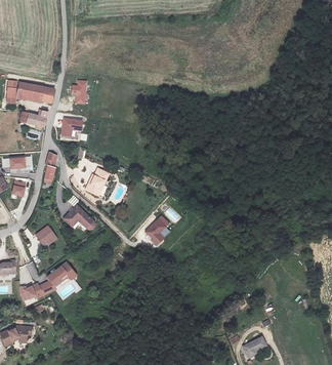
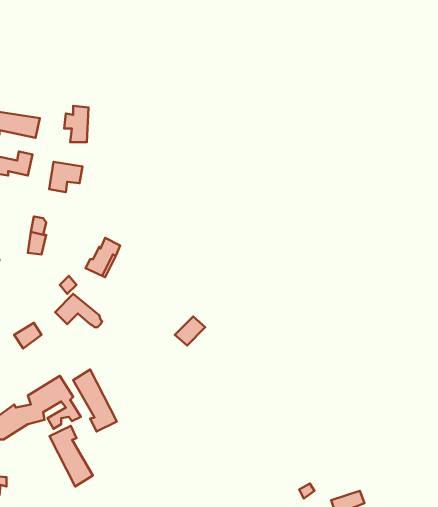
building: none -> [73,370,117,431]
building: none -> [49,426,93,487]

